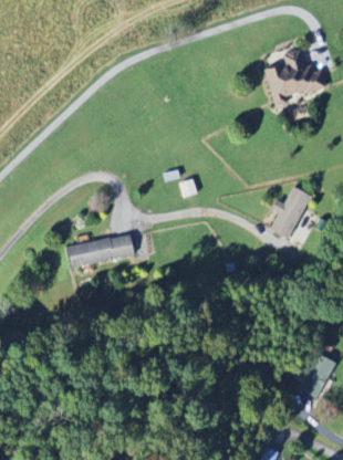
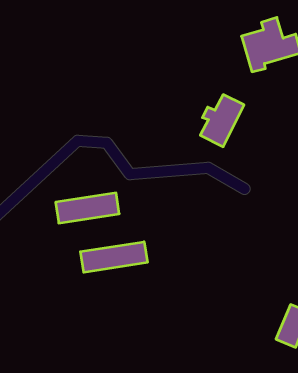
building: [268,186,314,241] -> [200,95,244,147]
building: none -> [80,242,147,272]

